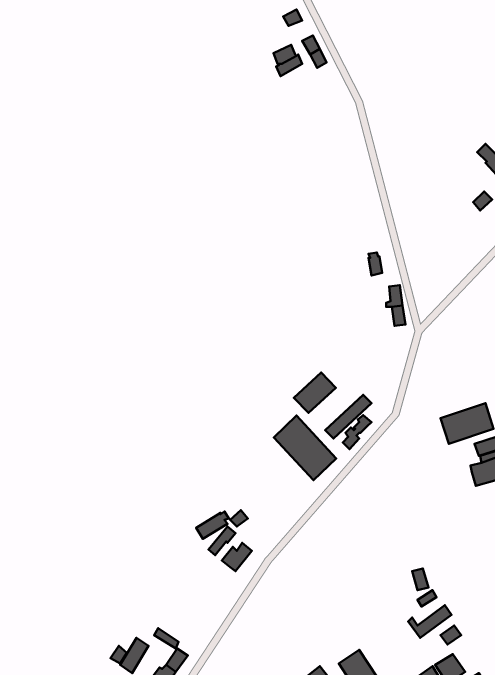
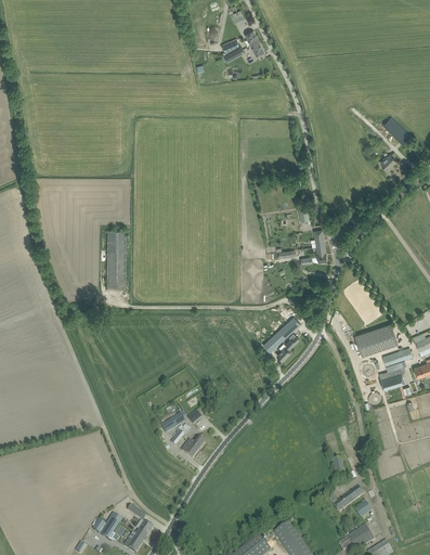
building: none -> [107,231,126,287]
building: [294,373,336,413] -> none
building: [274,416,336,480] -> none

